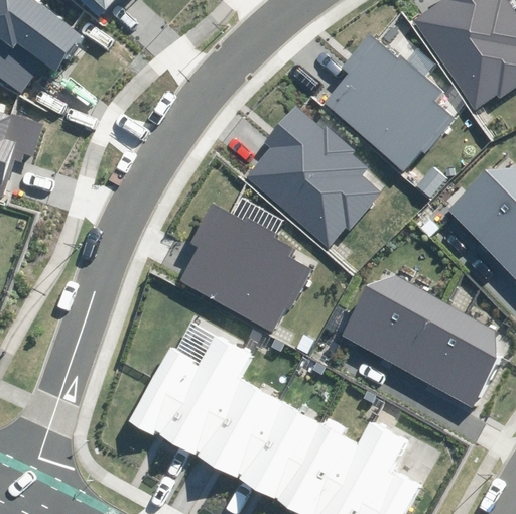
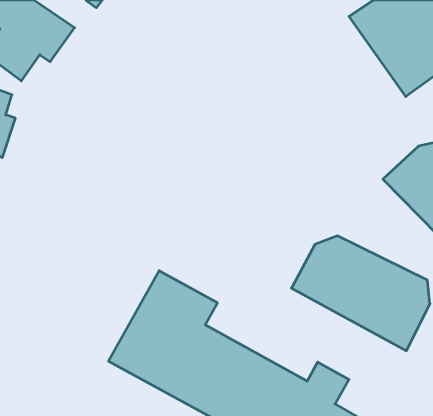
building: [322,30,454,172] -> none
building: [243,104,380,250] -> none
building: [181,204,315,328] -> none

